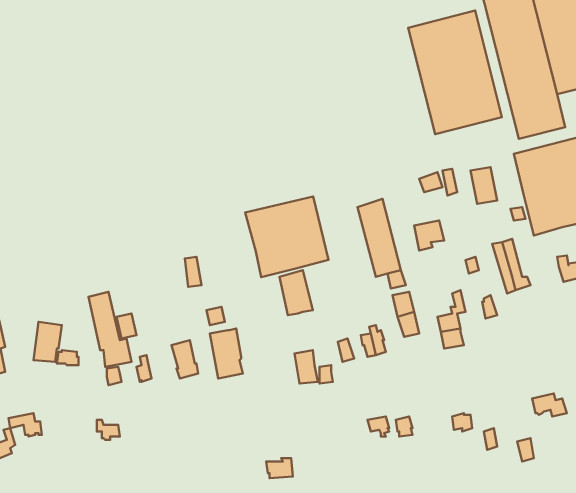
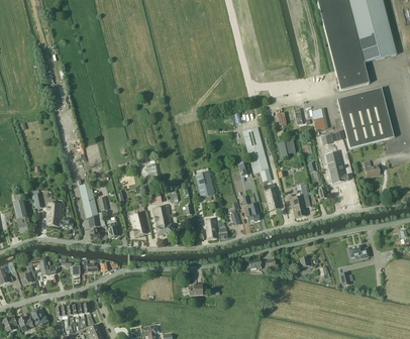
building: [408,11,502,134] -> none
building: [245,197,329,277] -> none

